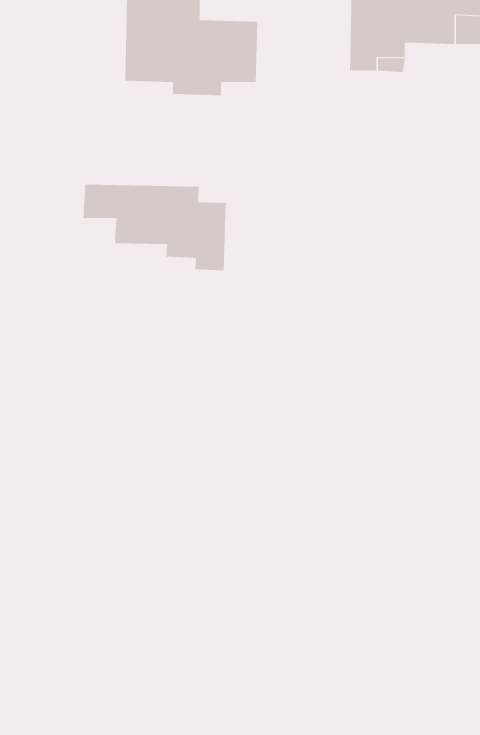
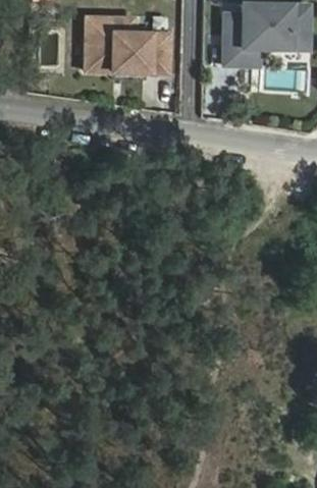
building: [83,184,226,271] -> none

